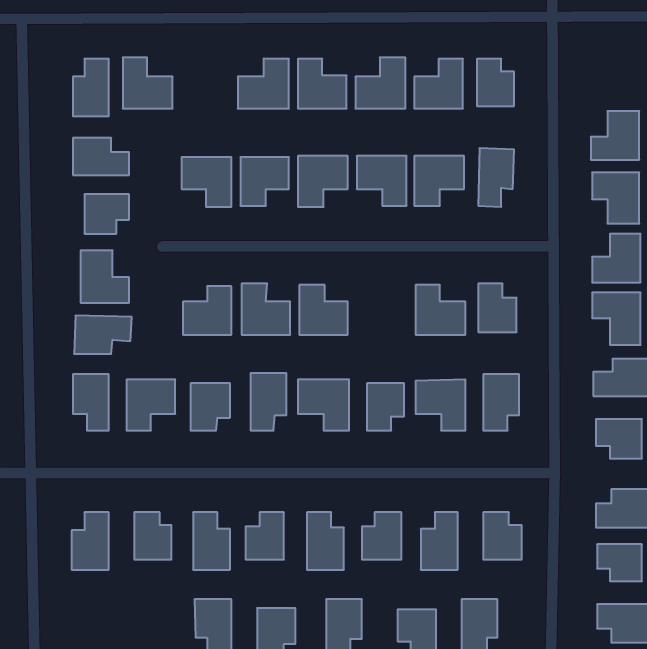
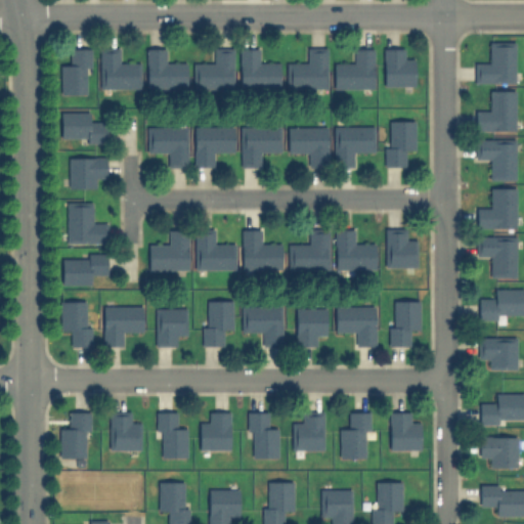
building: none -> [477,43,518,85]
building: none -> [150,50,189,90]
building: none -> [292,230,332,271]

